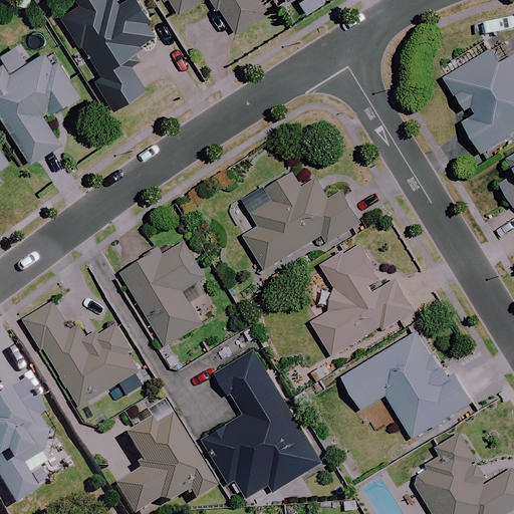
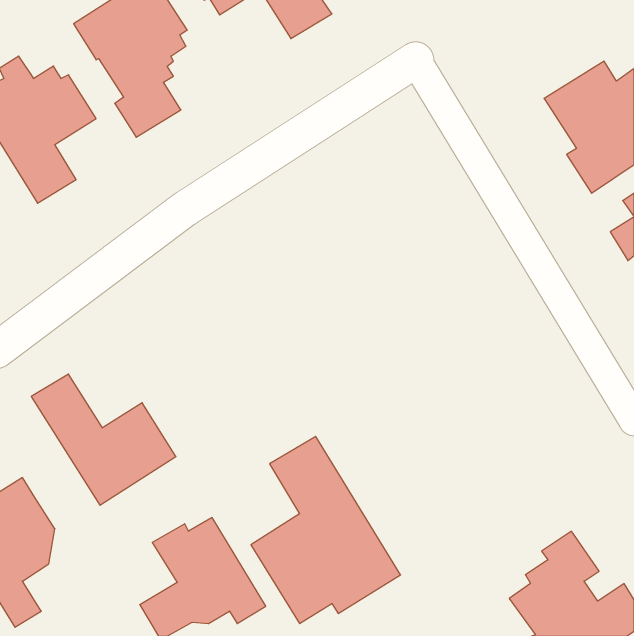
building: [244,174,362,271] -> none
building: [122,241,209,345] -> none
building: [312,243,414,355] -> none
building: [342,332,467,438] -> none

